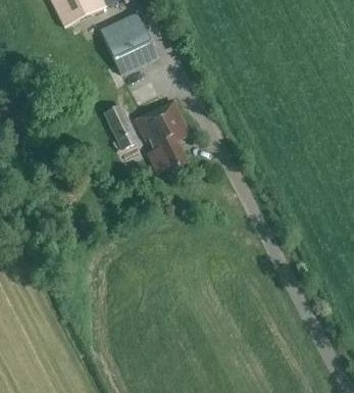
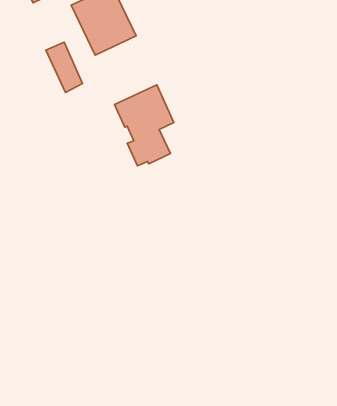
building: [106,103,139,148] -> [46,42,83,93]

